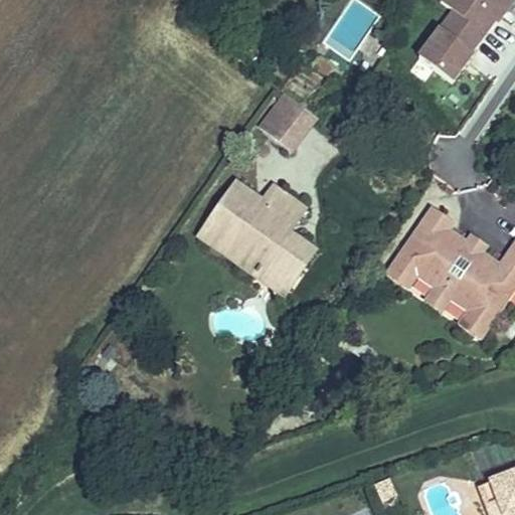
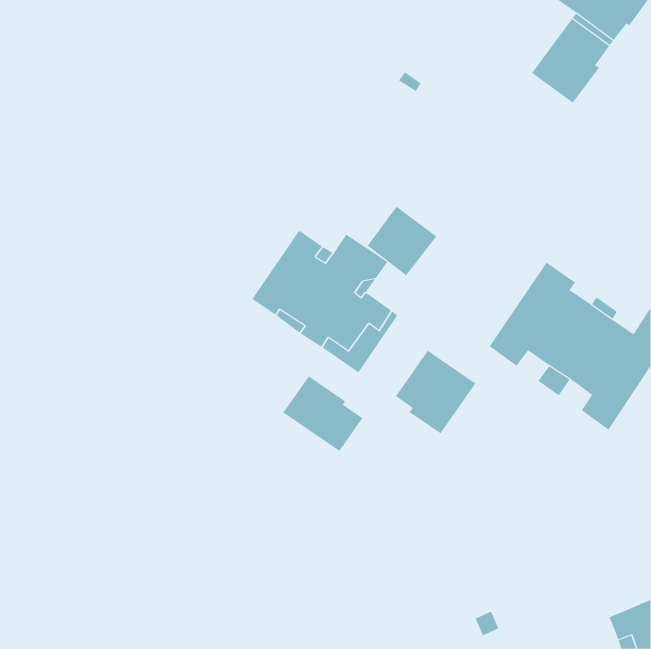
building: [261,94,316,149] -> [367,206,437,276]
building: none -> [395,350,476,434]
building: none -> [282,376,363,452]

